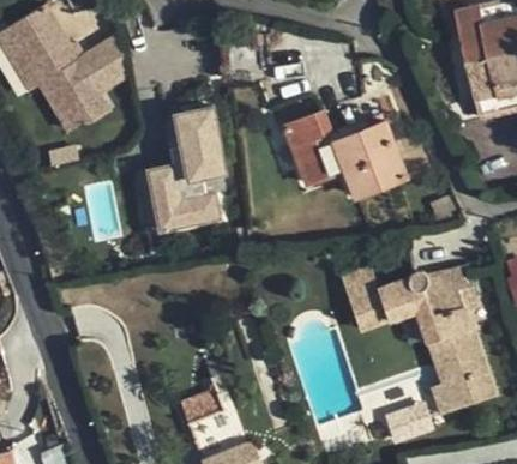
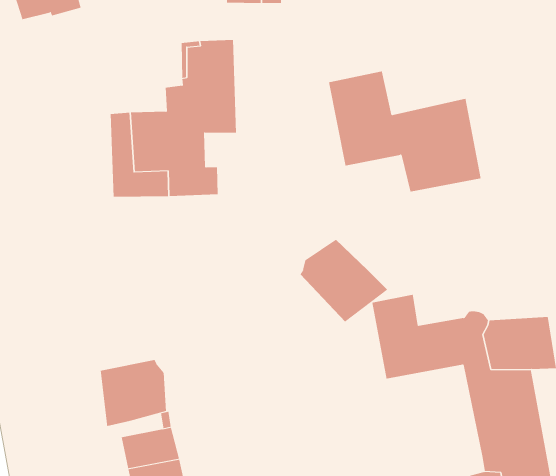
building: none -> [300,239,388,322]
building: none -> [100,359,167,427]

